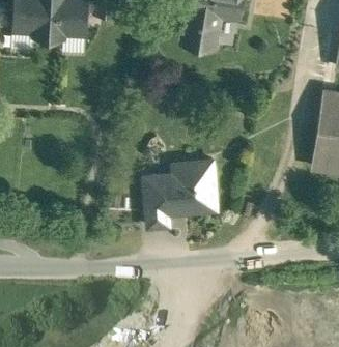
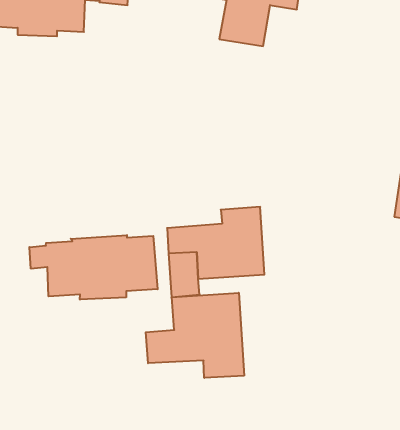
building: none -> [29,235,158,300]
building: none -> [146,293,244,378]

